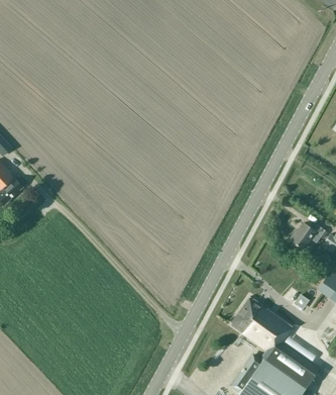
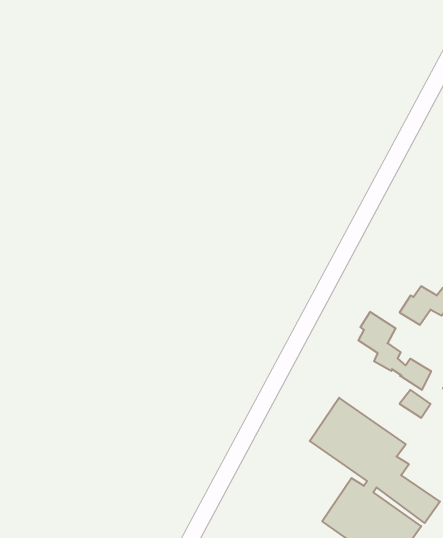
building: none -> [358,312,431,390]

